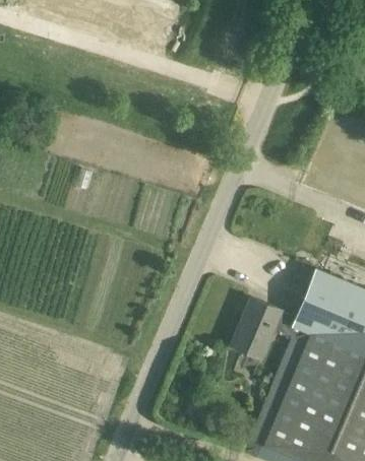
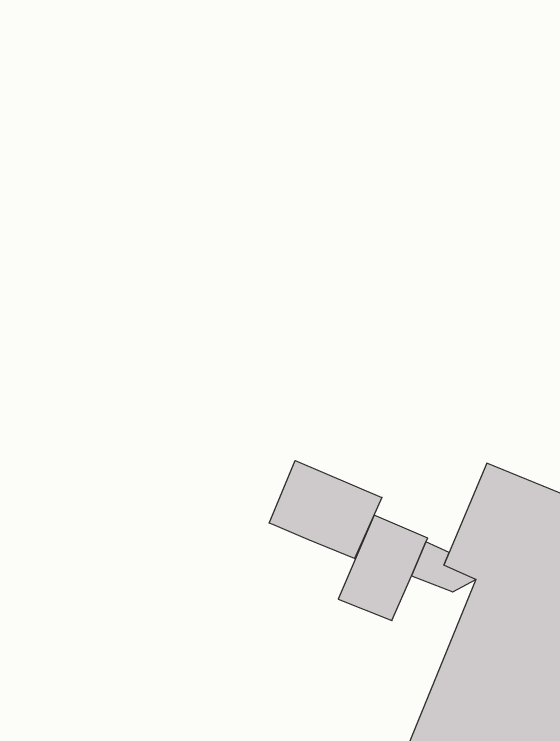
building: none -> [269,461,382,559]

